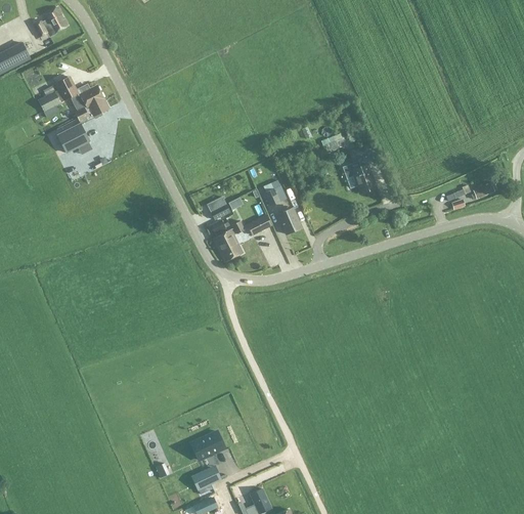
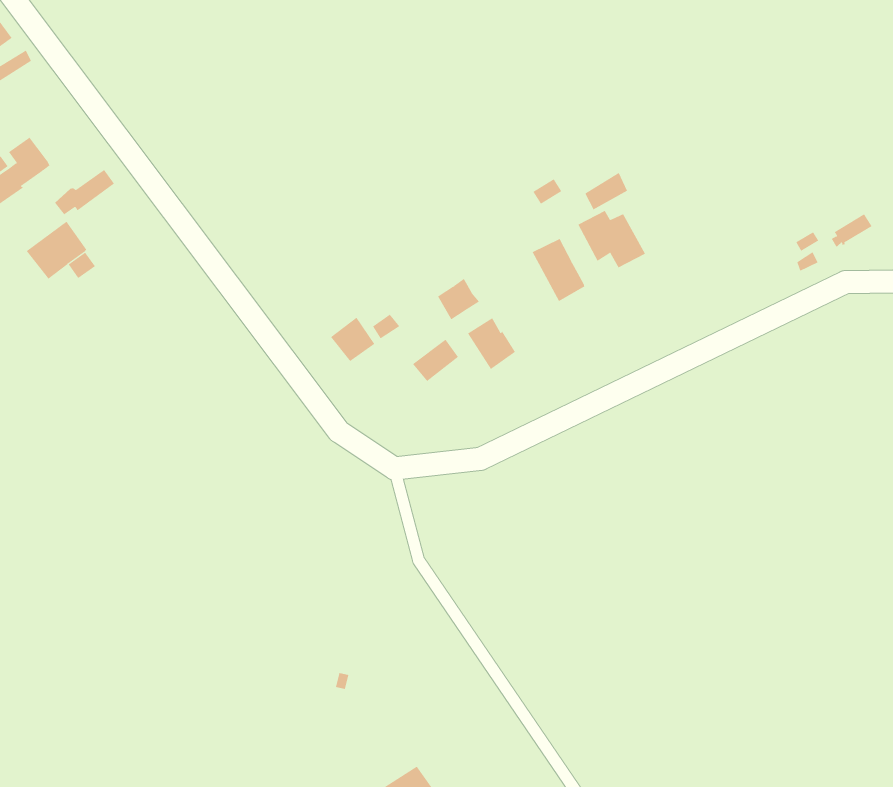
building: [71,84,103,110] -> none
building: none -> [532,238,585,302]
building: [210,219,244,260] -> none

